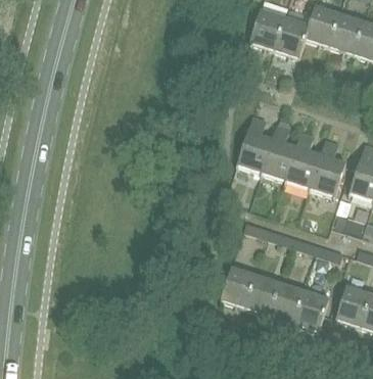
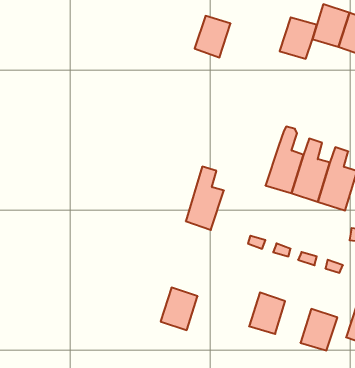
building: [250,10,284,49] -> [195,16,231,57]
building: [237,115,273,175] -> [186,167,224,230]
building: [221,267,255,306] -> [161,288,198,330]
building: [270,283,304,322] -> none

